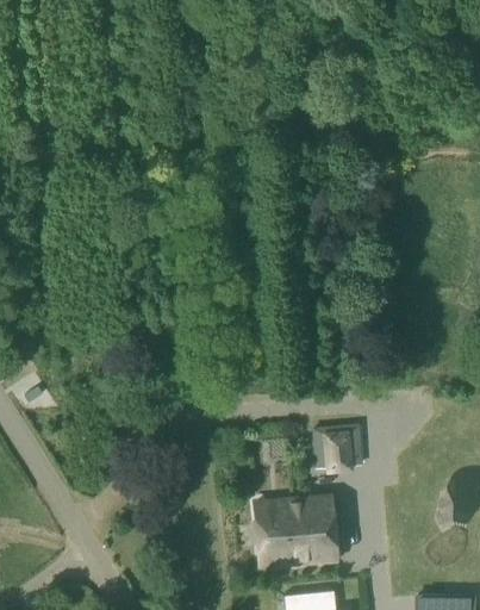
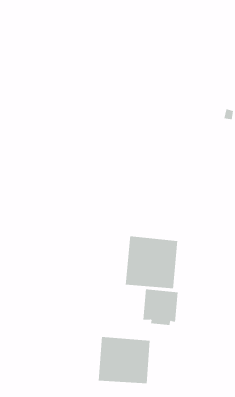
building: none -> [125,235,178,289]

